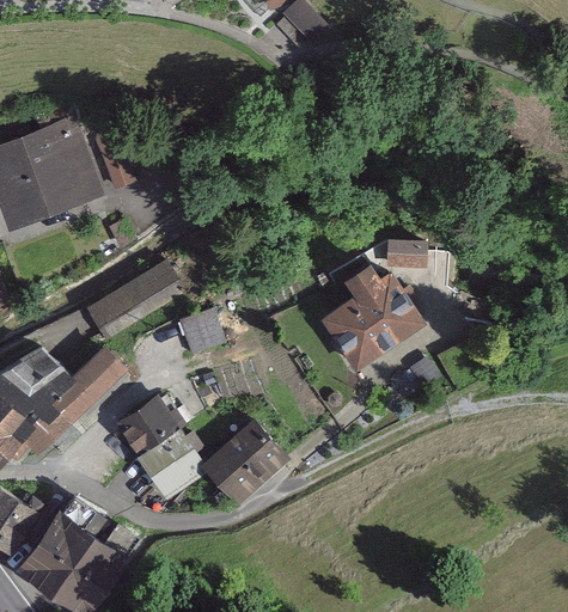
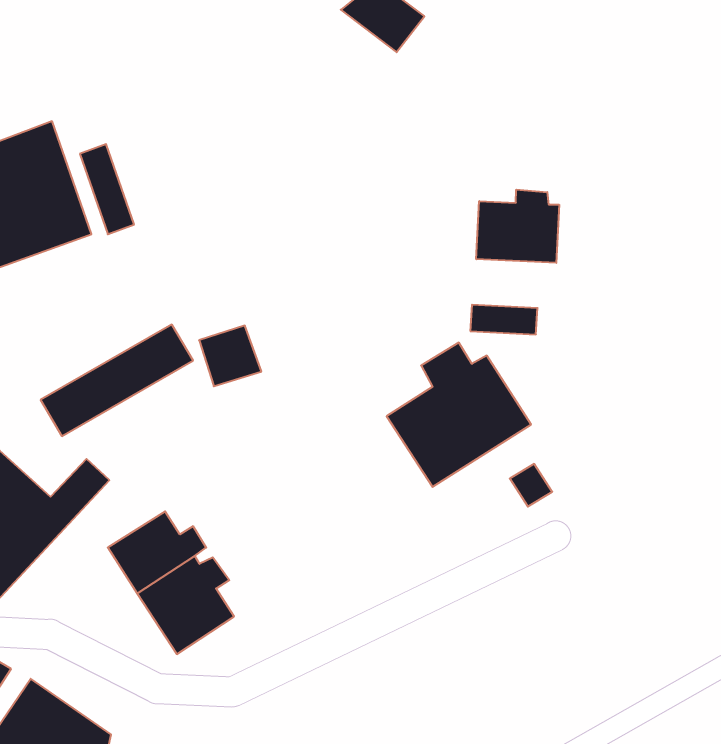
building: none -> [476,190,559,263]
building: [182,313,227,357] -> [199,326,261,386]
building: [204,416,289,500] -> none

